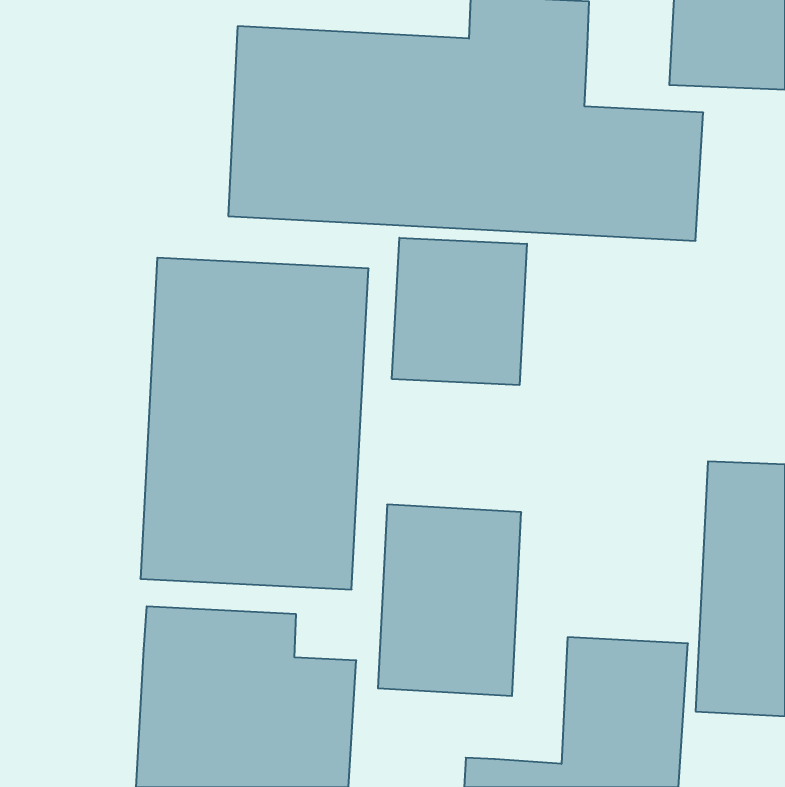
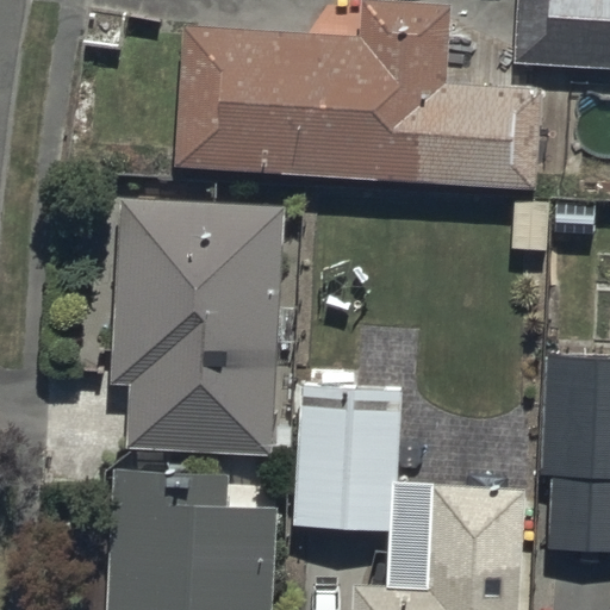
building: [392,238,527,385] -> none

